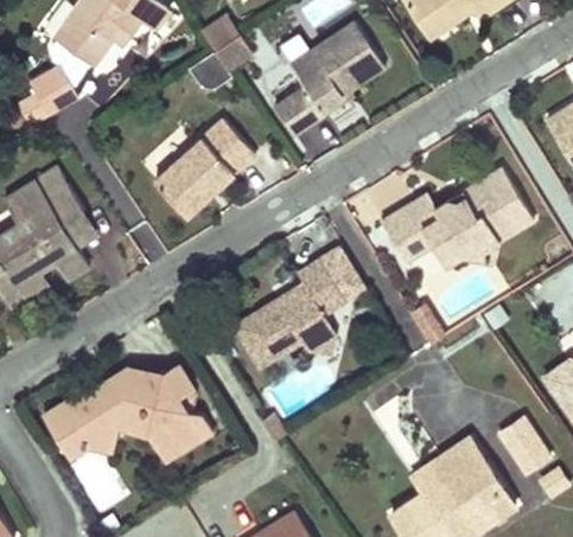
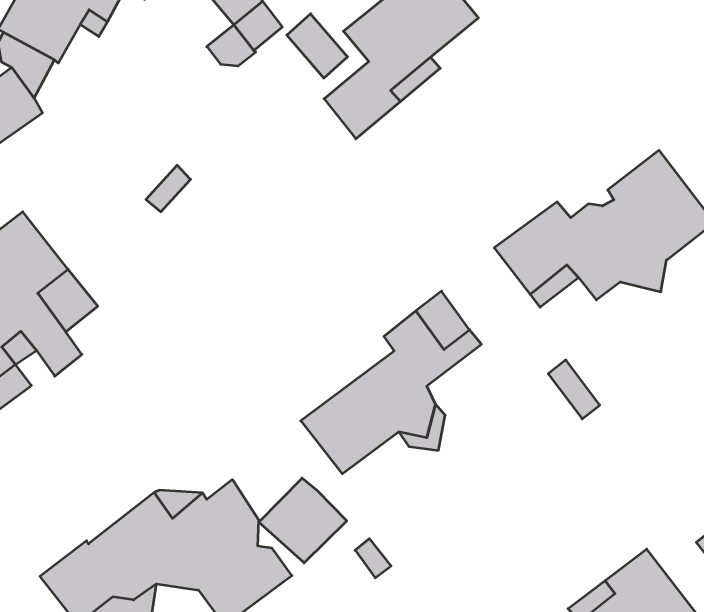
building: [152,122,253,219] -> none
building: none -> [259,478,347,563]

